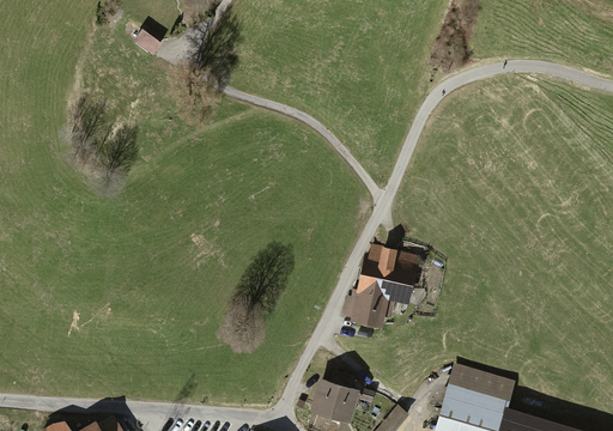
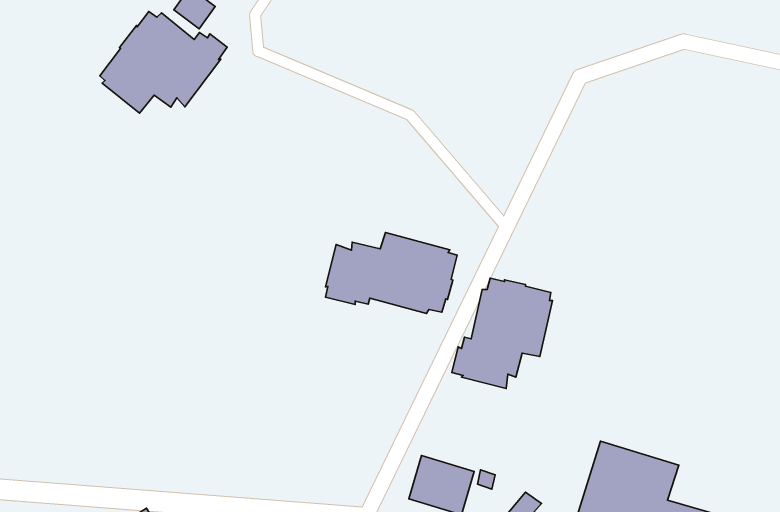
building: none -> [100,12,227,113]
building: none -> [325,233,457,313]

